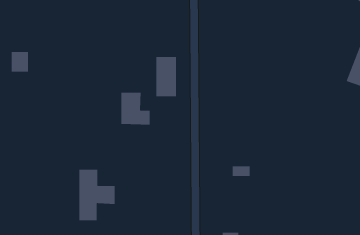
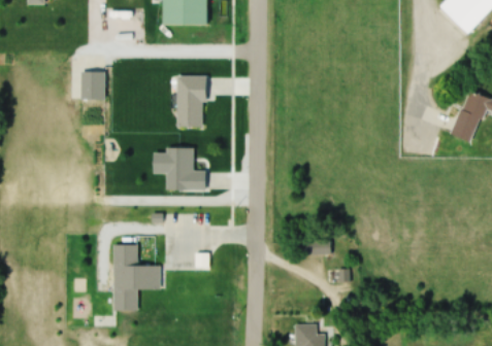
building: [11,51,29,72] -> [81,71,104,98]
building: [156,56,177,97] -> [176,75,203,127]

